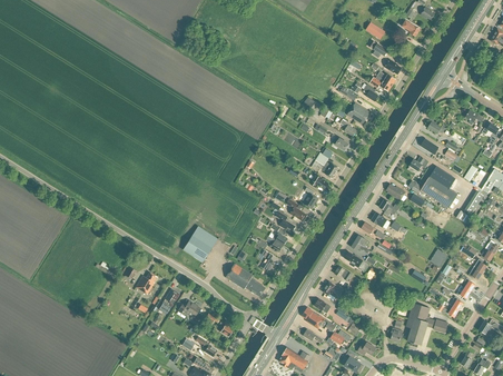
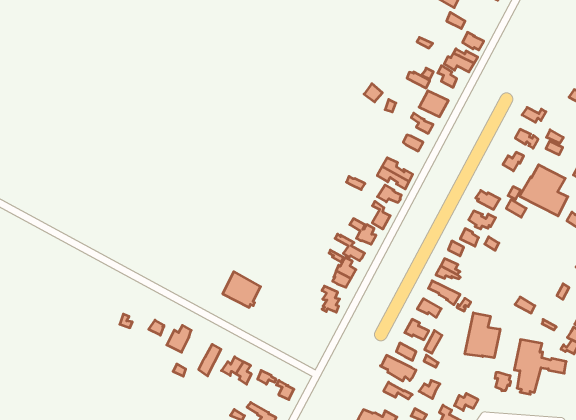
building: [226,263,266,296] -> none
building: none -> [465,313,500,358]

